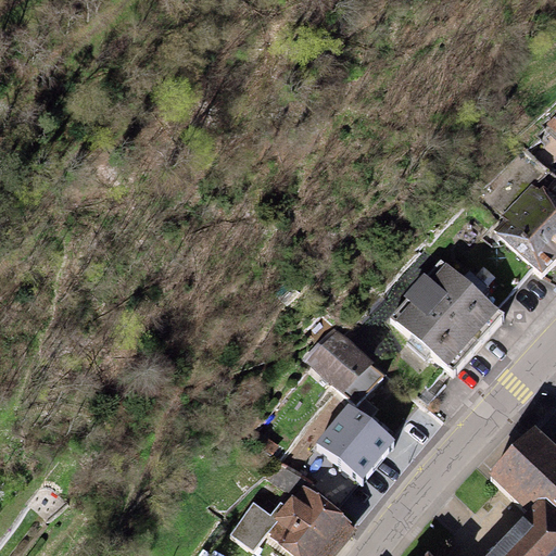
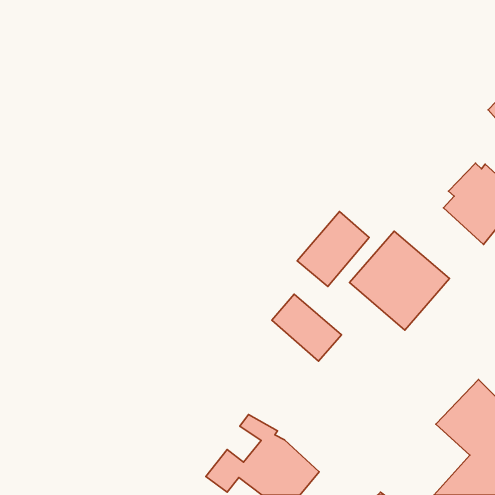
building: none -> [297,212,369,287]
building: [315,402,394,506] -> none

